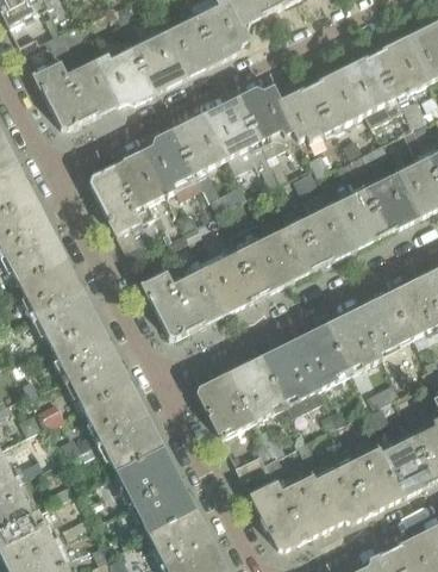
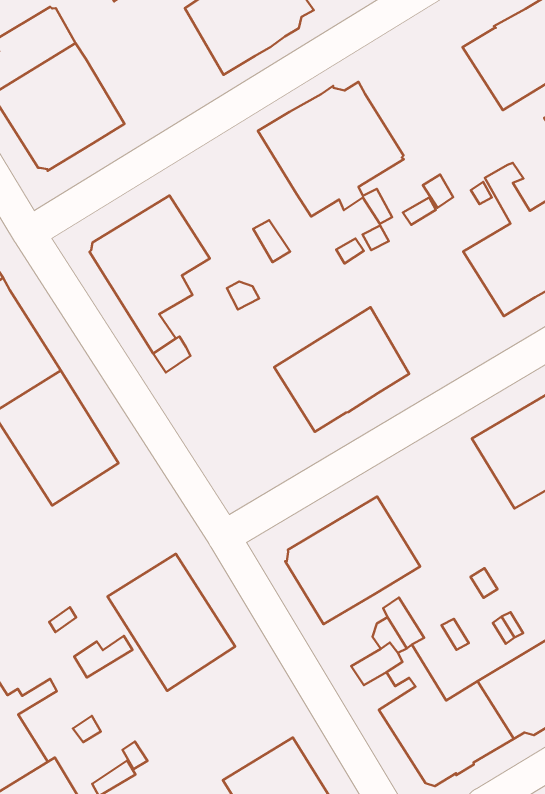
building: [98,30,186,101] -> none
building: [276,70,364,139] -> none
building: [144,113,226,193] -> none
building: [268,188,353,279] -> none
building: [142,263,225,336] -> none
building: [51,321,129,406] -> none
building: [262,324,350,416] -> none
building: [115,446,194,531] -> none

